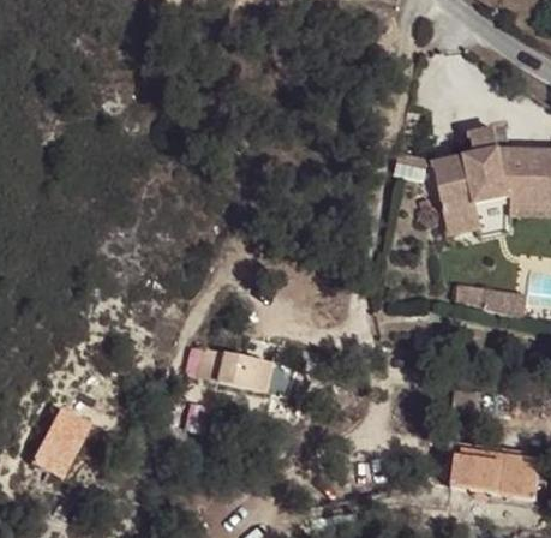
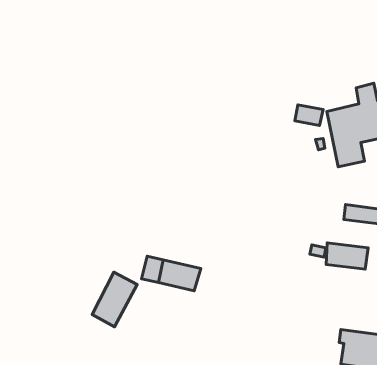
building: none -> [326,243,368,269]
building: [32,407,90,477] -> [92,272,137,327]

